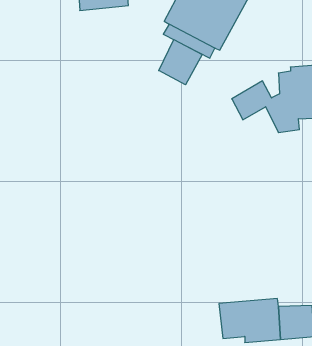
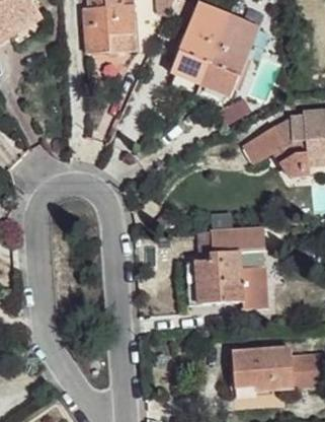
building: [159,40,202,85] -> none
building: none -> [185,226,268,309]

